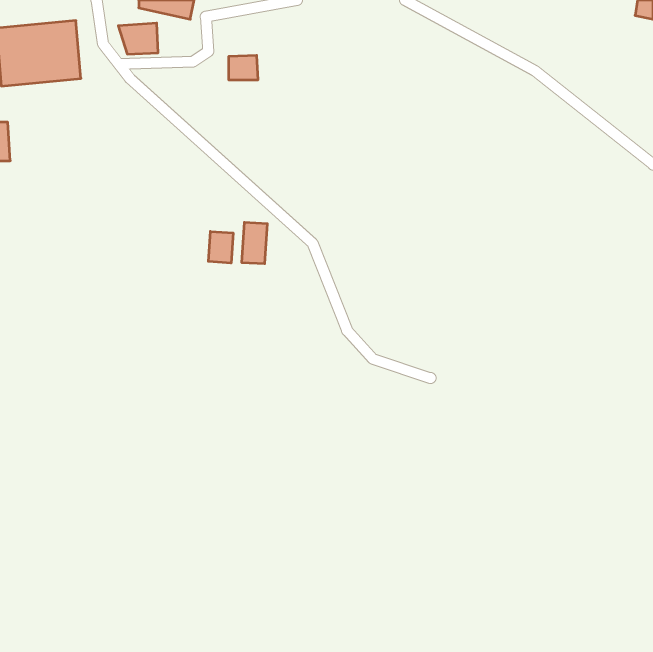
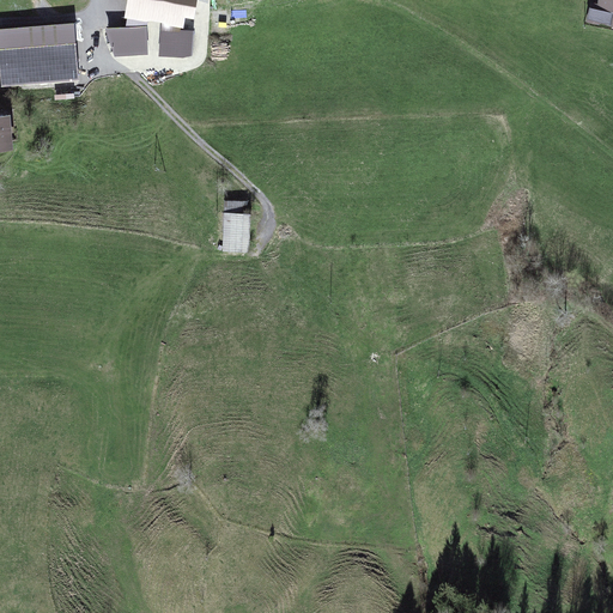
building: [229,55,258,80] -> [162,30,189,53]
building: [208,231,233,263] -> none

